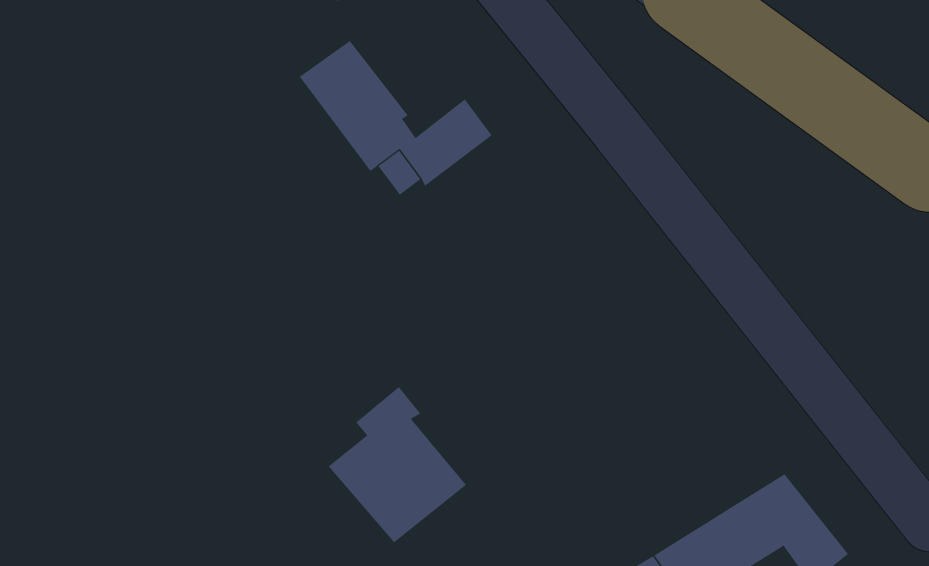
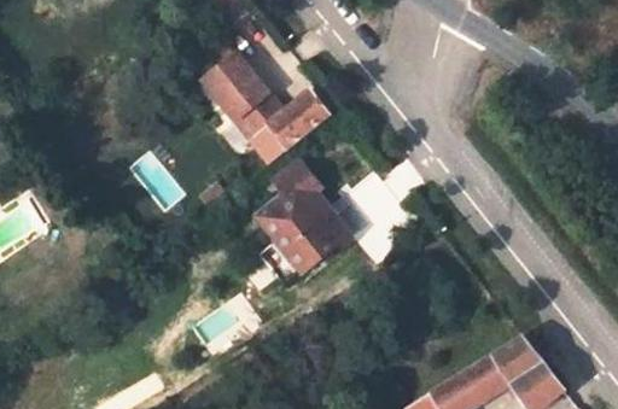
building: [328,386,467,543] -> [258,169,350,273]

